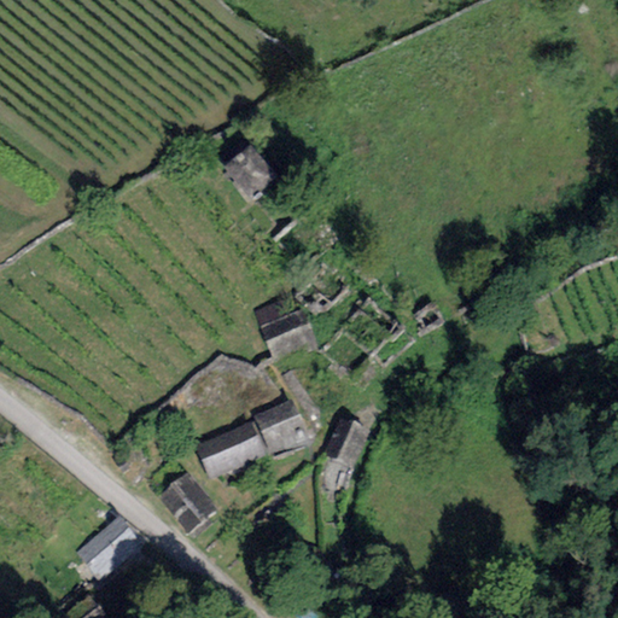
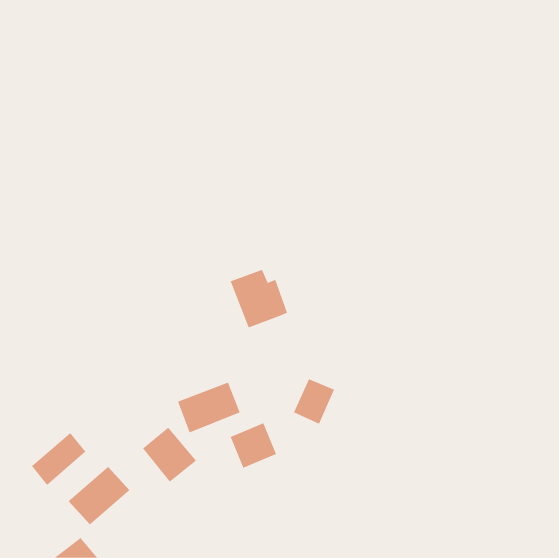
building: [222,144,275,198] -> none
building: [255,400,307,450] -> [230,423,277,468]
building: none -> [31,432,86,486]

